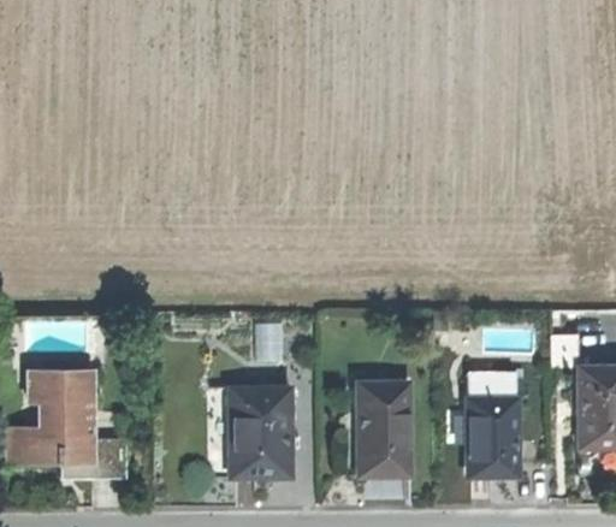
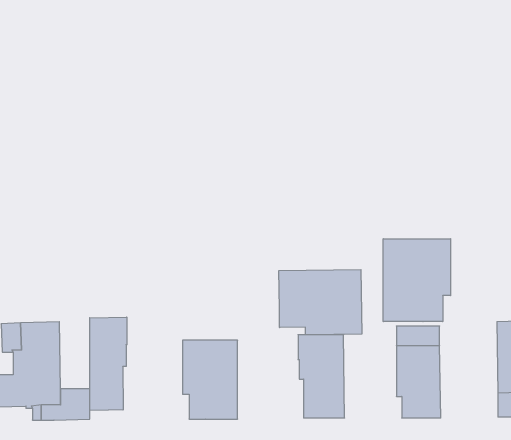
building: none -> [383,239,451,322]
building: none -> [279,270,362,335]
building: none -> [90,317,127,410]

